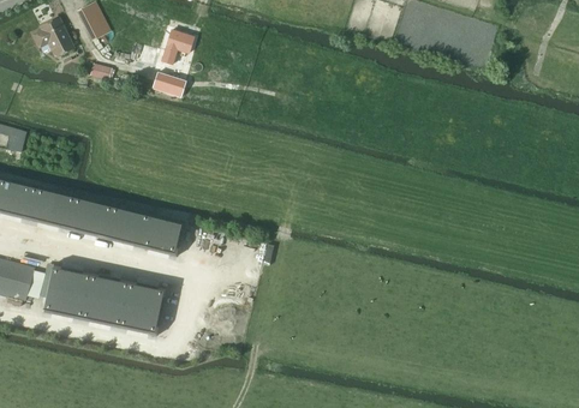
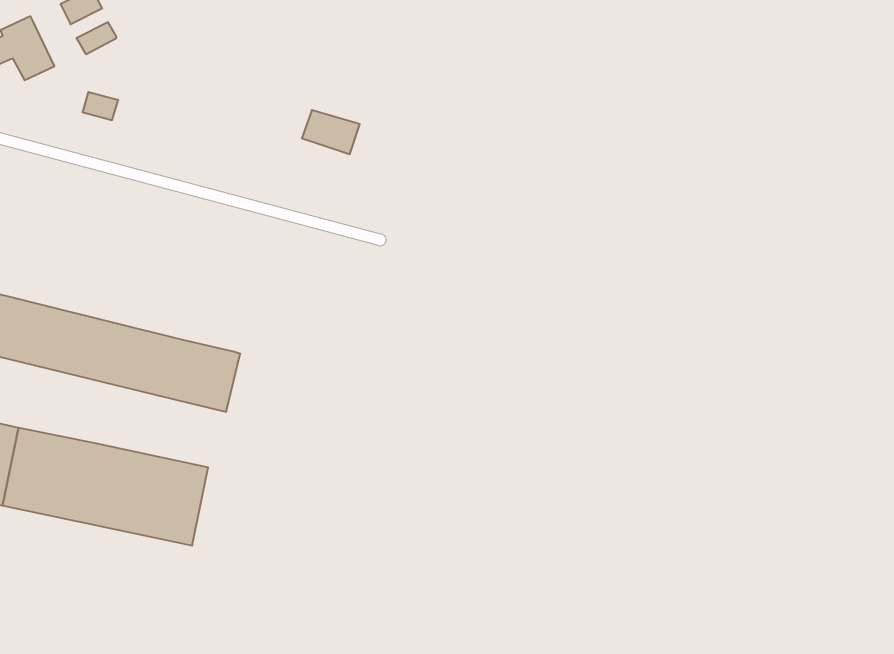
building: [161,29,193,64] -> none
building: [151,71,186,97] -> [302,110,360,154]

